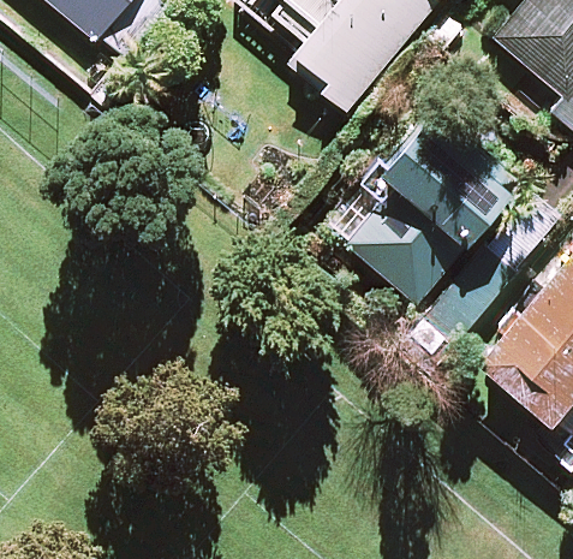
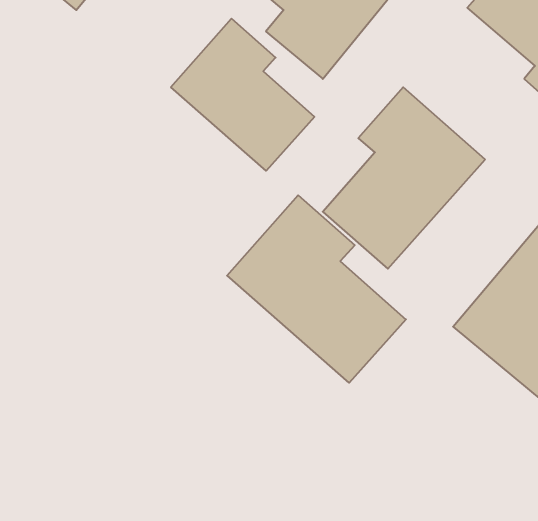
building: none -> [171,19,314,171]
building: none -> [227,195,406,383]

